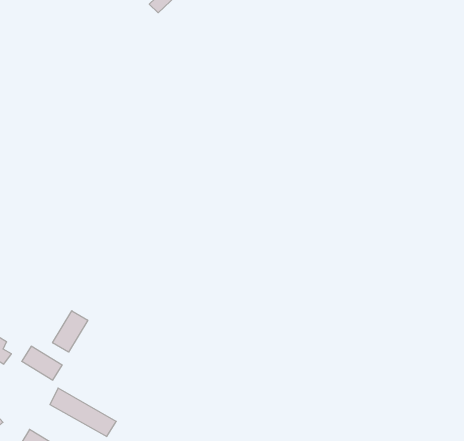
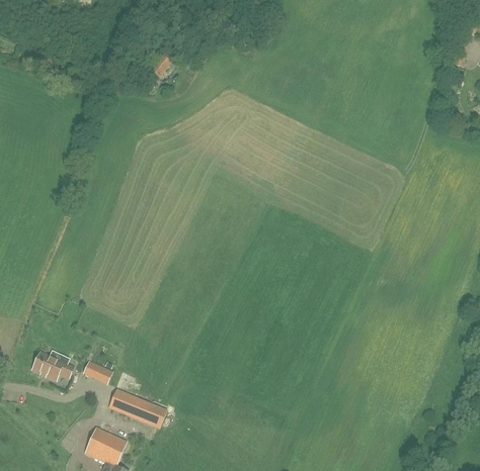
building: [53,311,88,352] -> none

